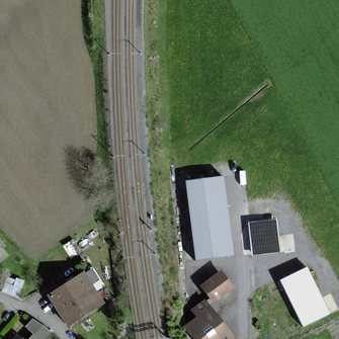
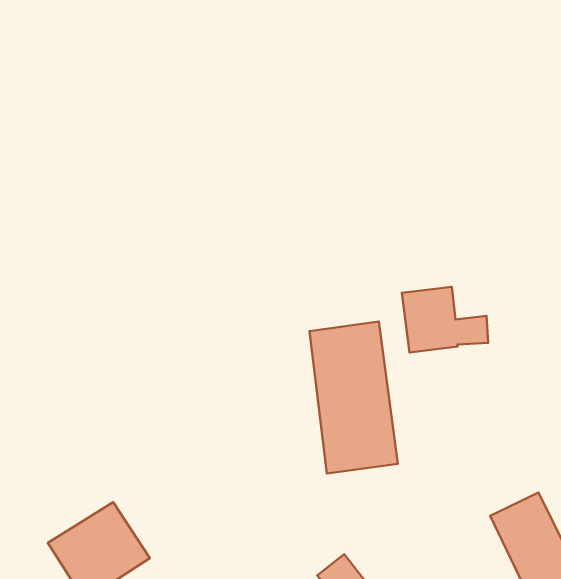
building: [249,220,294,254] -> [402,287,488,352]
building: [200,271,235,306] -> none

